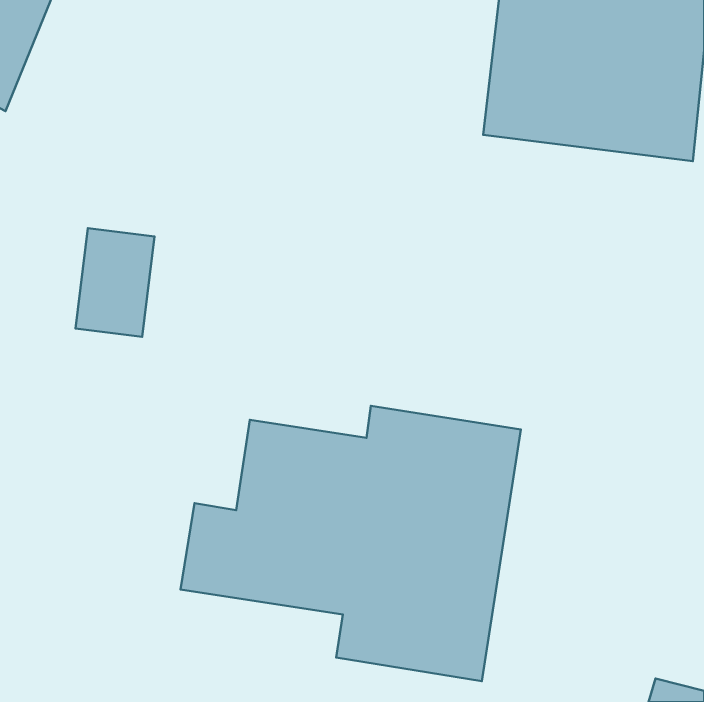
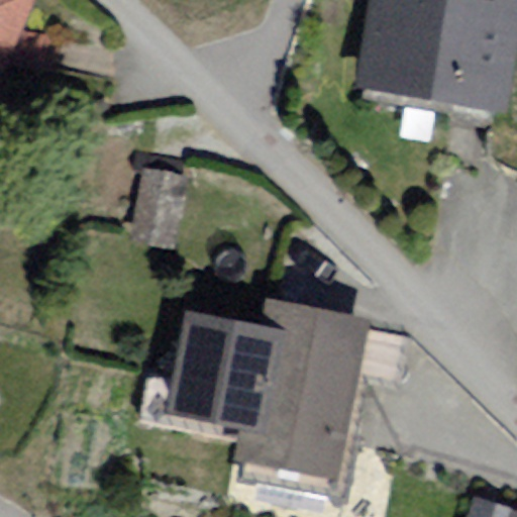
building: [75,228,155,337] -> [132,168,190,246]

